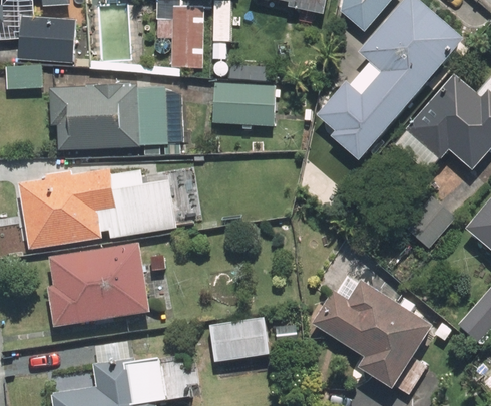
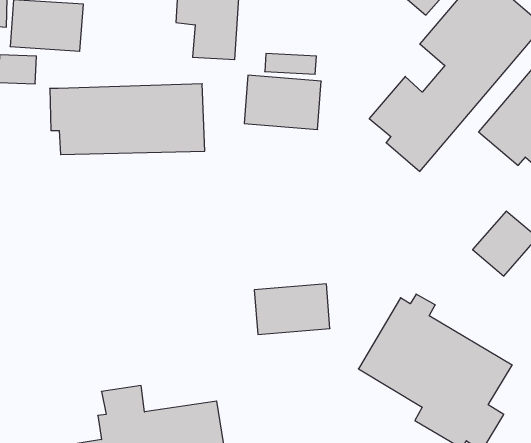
building: [20,167,173,245] -> none
building: [48,246,145,323] -> none
building: [206,319,270,361] -> [254,284,330,334]

